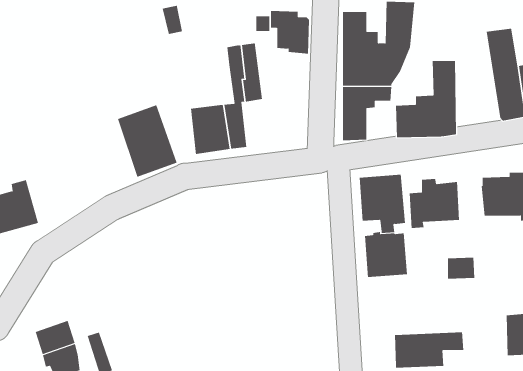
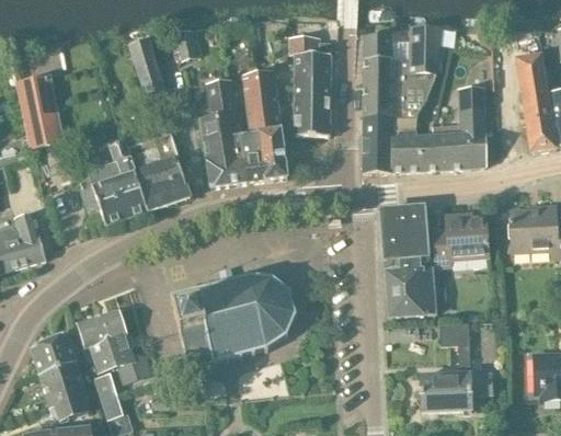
building: none -> [129,41,163,94]
building: none -> [19,74,58,134]
building: none -> [294,74,329,135]
building: none -> [201,79,238,138]
building: none -> [259,128,286,179]
building: none -> [390,130,421,171]
building: none -> [83,140,148,225]
building: none -> [170,267,297,366]
building: [447,257,475,279] -> [439,322,469,345]
building: none -> [77,309,151,381]
building: none -> [32,331,80,372]

